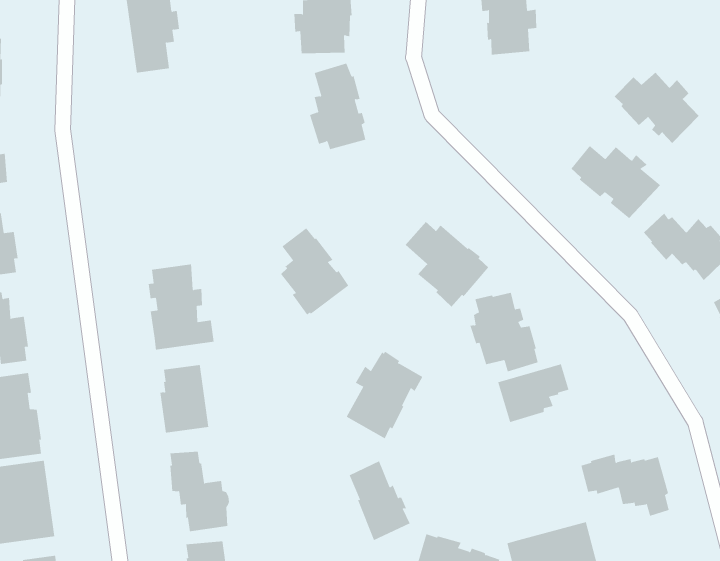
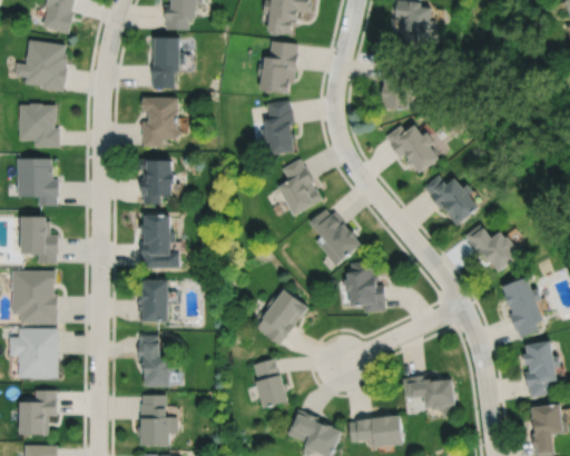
building: [614,72,699,144] -> [385,123,439,171]
building: none -> [140,96,181,146]
building: none -> [139,158,175,204]
building: [280,227,349,315] -> [278,158,322,215]
building: [498,364,569,423] -> none

